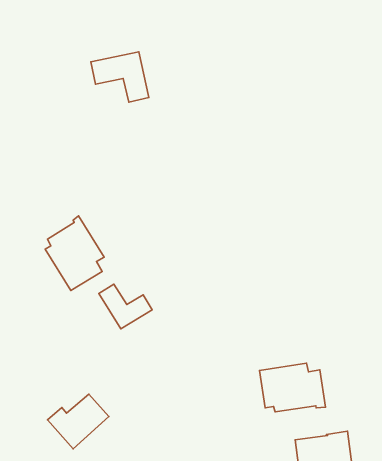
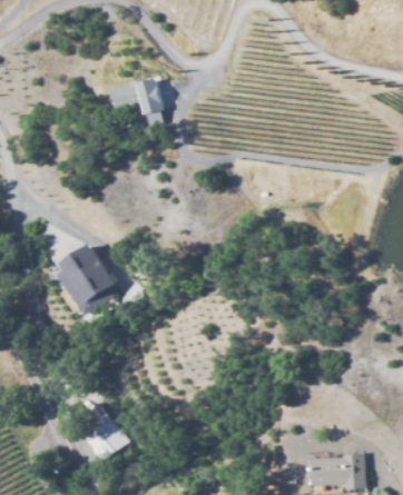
building: [99,284,152,329] -> none
building: [260,363,325,412] -> none

